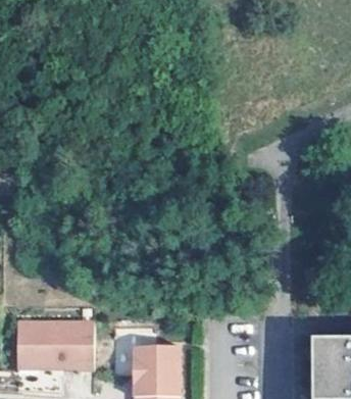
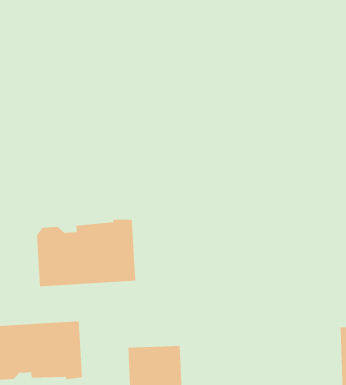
building: none -> [36,219,136,287]

